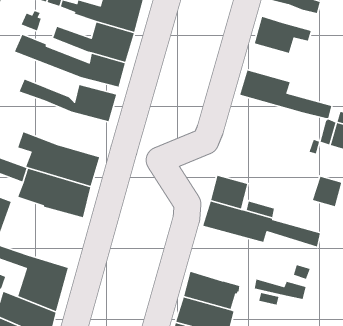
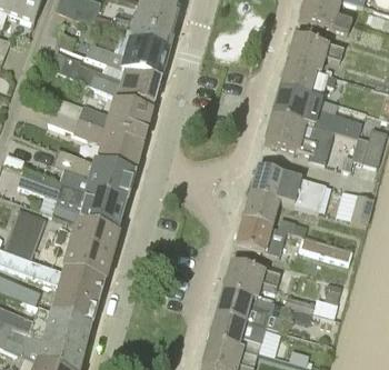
building: none -> [279,62,337,100]
building: none -> [48,110,142,169]
building: none -> [263,113,331,164]
building: none -> [249,167,327,211]
building: none -> [62,224,117,284]
building: none -> [222,261,280,298]

